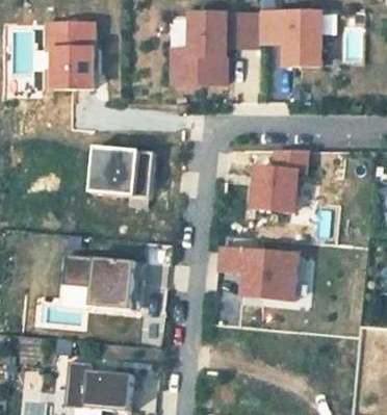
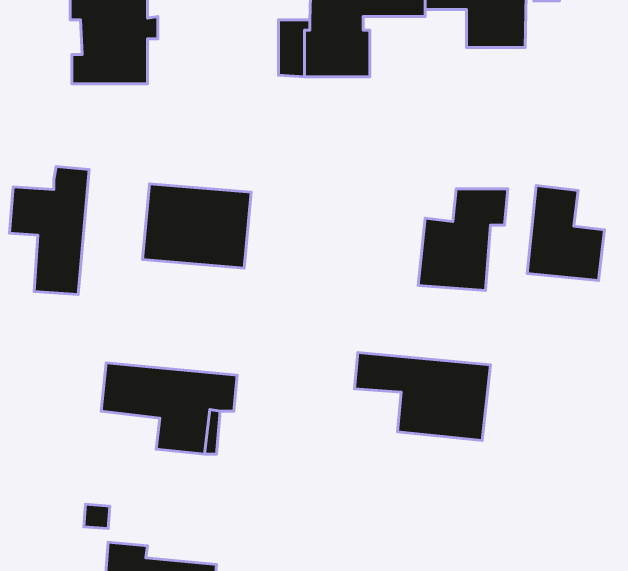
building: none -> [10,167,89,295]
building: none -> [527,185,604,281]

